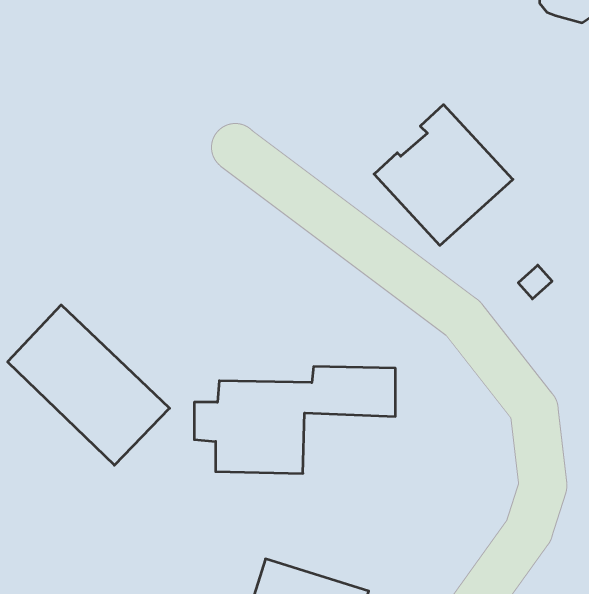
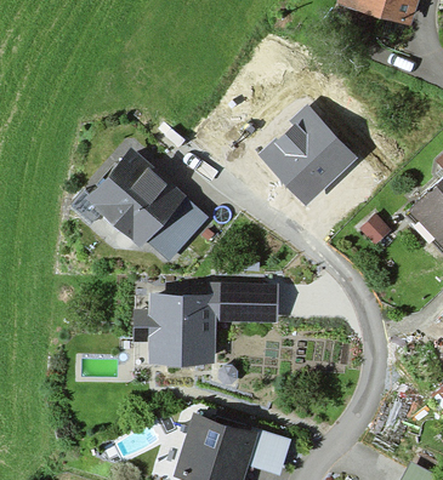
building: [8,305,170,465] -> [90,147,200,256]

